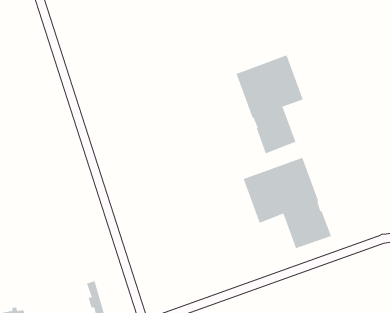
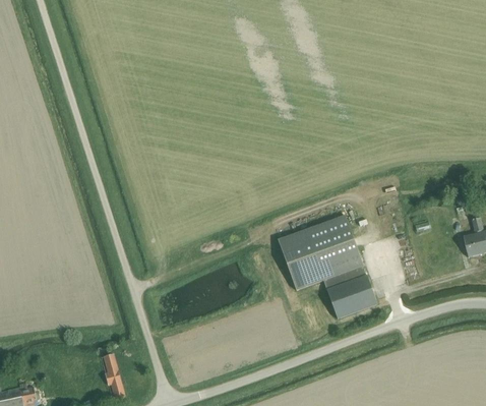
building: [236,55,303,154] -> none

